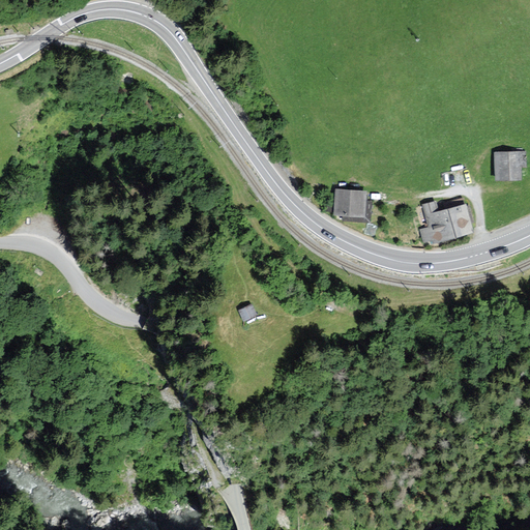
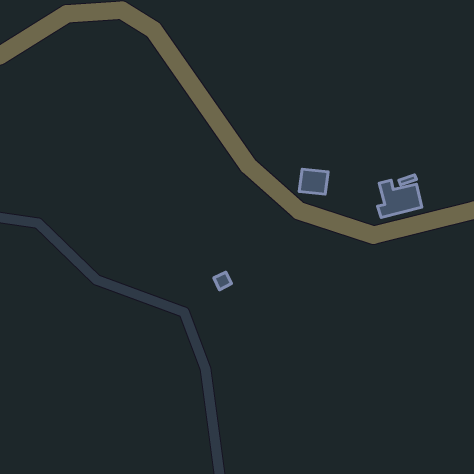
building: [497,152,520,178] -> none

